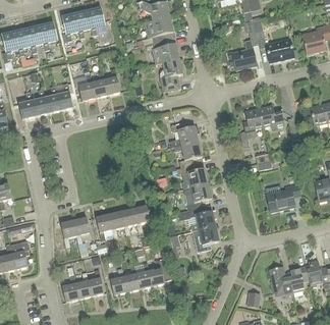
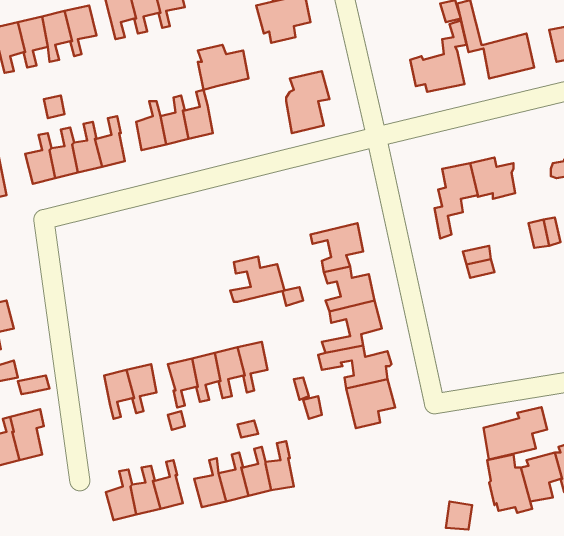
building: [152,40,179,64] -> [198,45,249,90]
building: [169,122,199,147] -> [230,257,285,302]
building: [267,183,301,212] -> [483,407,547,460]

